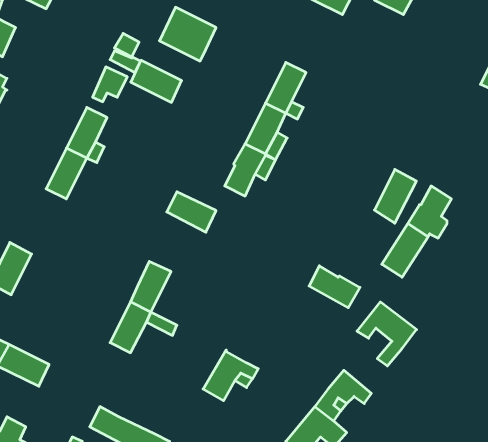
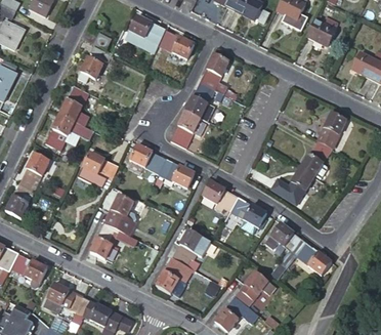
building: none -> [307,16,338,45]
building: [131,60,182,102] -> [158,29,194,58]
building: [374,169,416,223] -> [316,112,346,150]
building: none -> [77,152,118,187]
building: none -> [19,153,49,189]
building: none -> [158,158,195,187]
building: none -> [202,180,238,215]
building: none -> [172,228,210,265]
building: none -> [296,242,331,275]
building: none -> [47,282,83,316]

